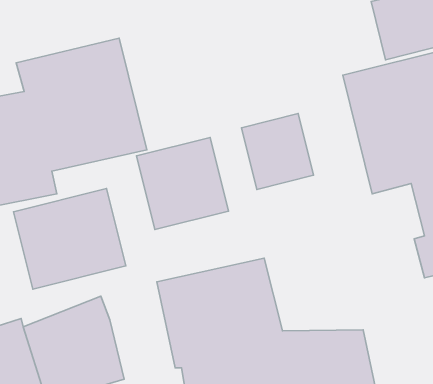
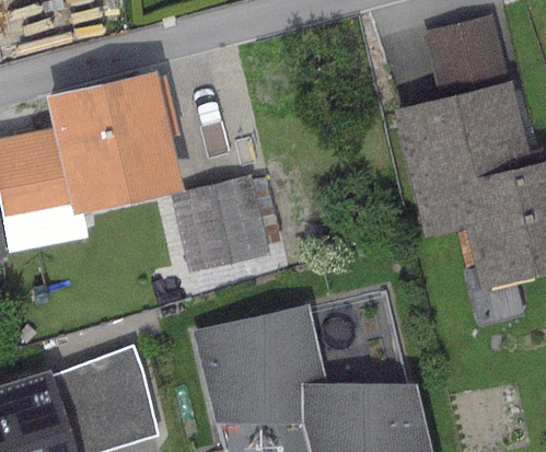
building: [241,114,314,189] -> none
building: [14,188,126,289] -> none

